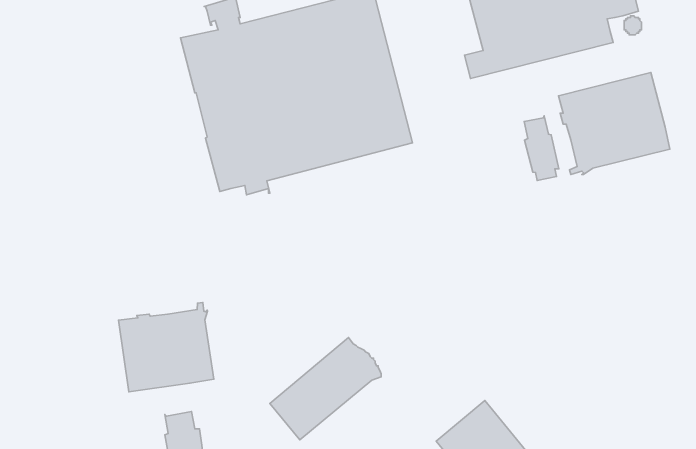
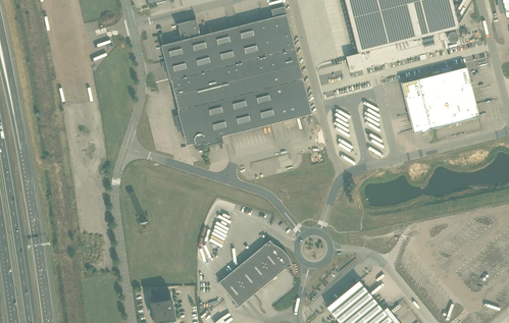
building: [524,116,559,180] -> none
building: [119,303,214,392] -> none

